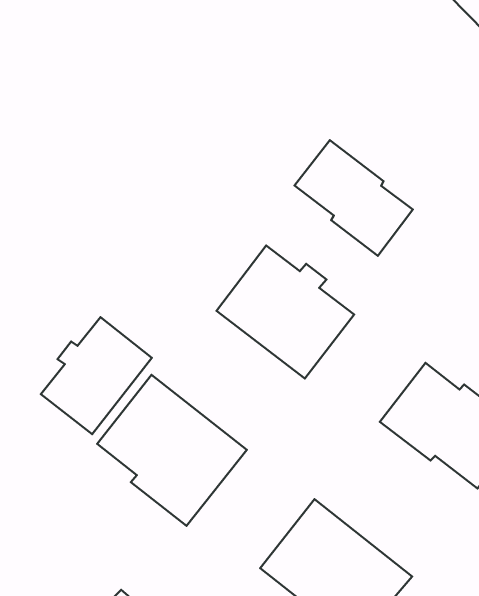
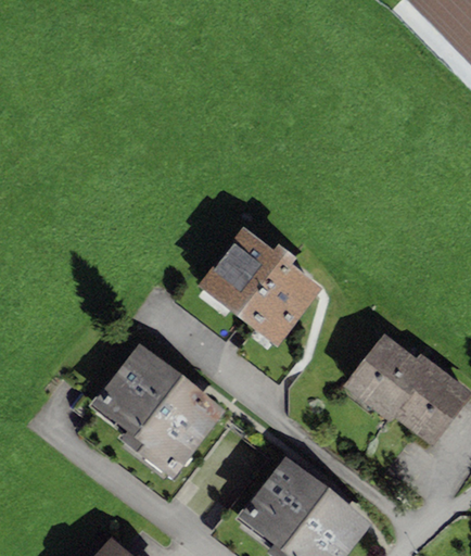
building: [295,140,413,256] -> none
building: [41,317,152,434] -> none

